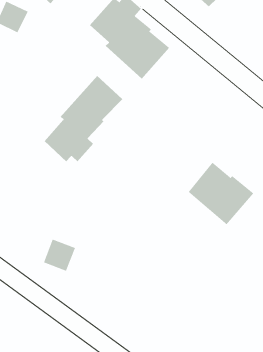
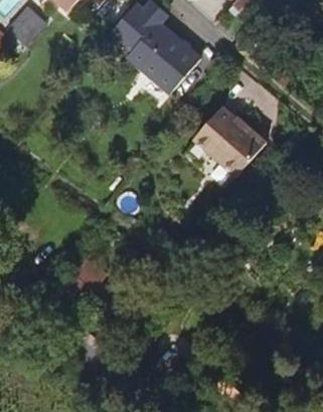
building: [44,75,123,162] -> none
building: [188,162,254,225] -> [198,102,272,173]

